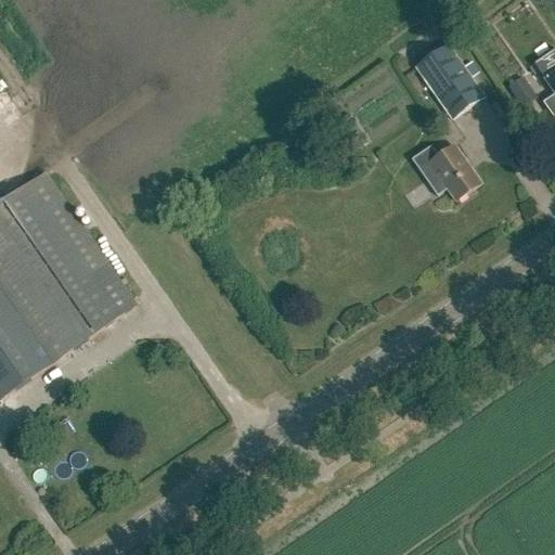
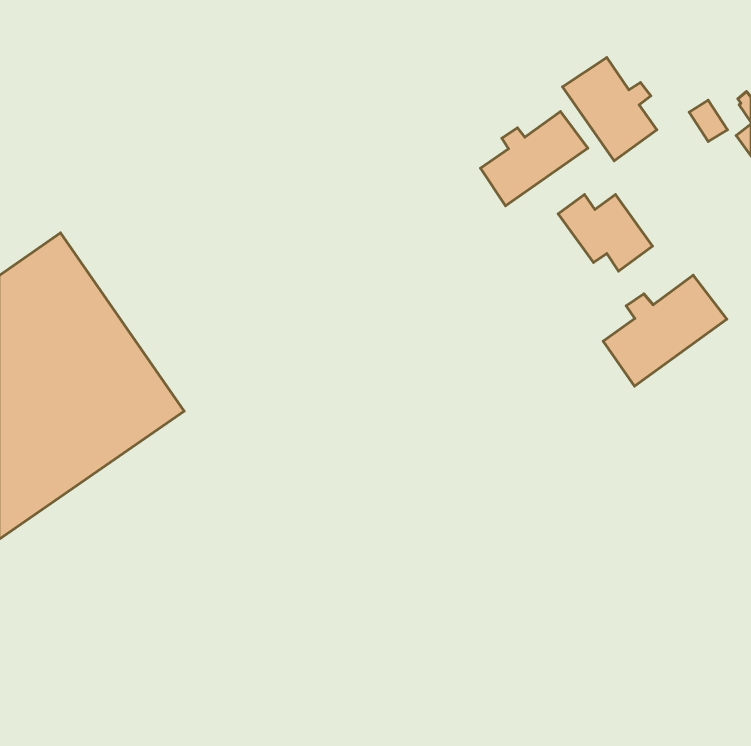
building: none -> [480,112,588,206]
building: none -> [603,275,727,386]

